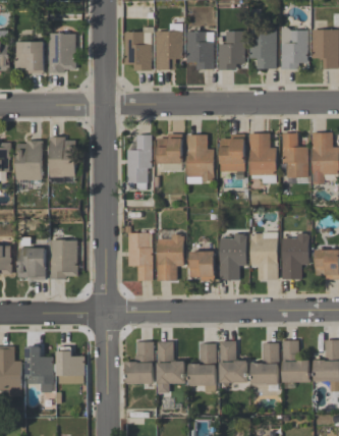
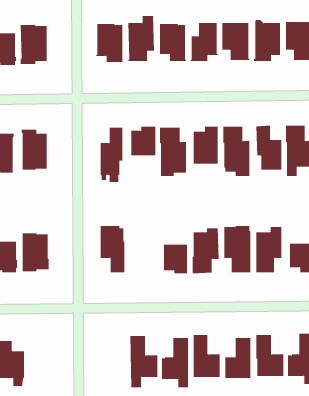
building: [157,234,183,279] -> none
building: [126,341,154,384] -> none
building: [56,346,84,383] -> none

